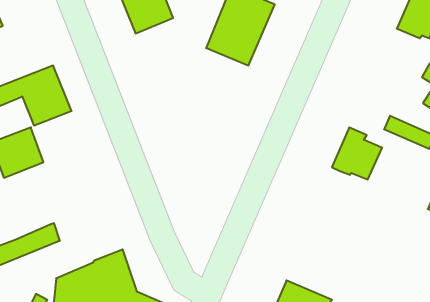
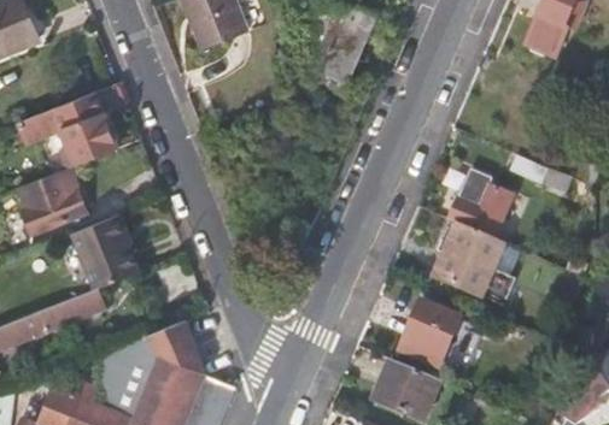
building: none -> [72,213,142,288]
building: none -> [432,222,510,305]
building: none -> [398,300,462,370]

